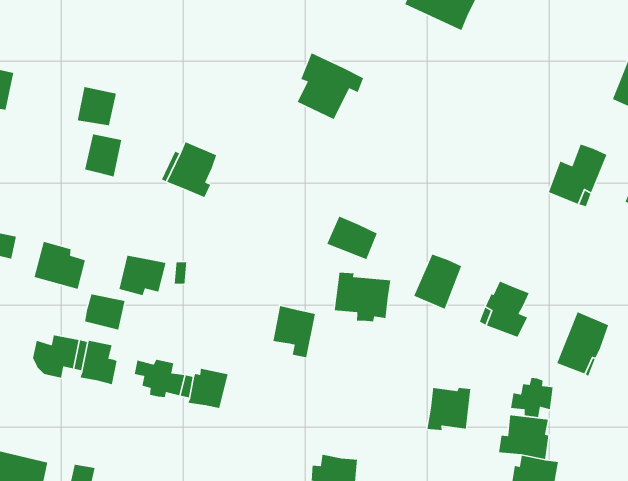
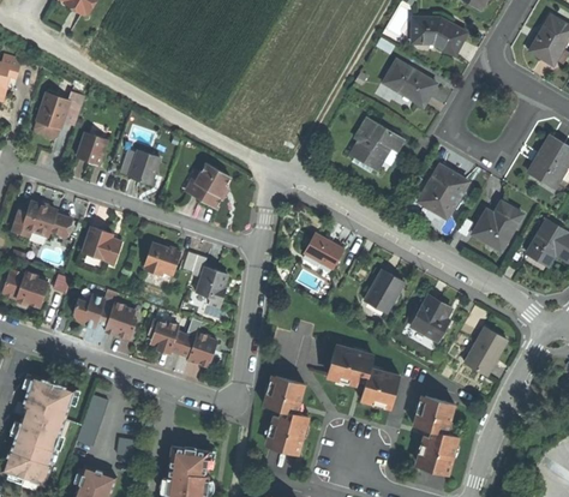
building: [297,52,364,120] -> [353,116,406,169]
building: [77,86,117,126] -> [76,130,108,162]
building: none -> [419,166,468,217]
building: [334,272,391,322] -> [327,346,372,387]
building: [84,294,125,330] -> none
building: [273,305,316,358] -> [196,267,230,309]
building: [510,377,554,418] -> none
building: none -> [262,377,304,414]

